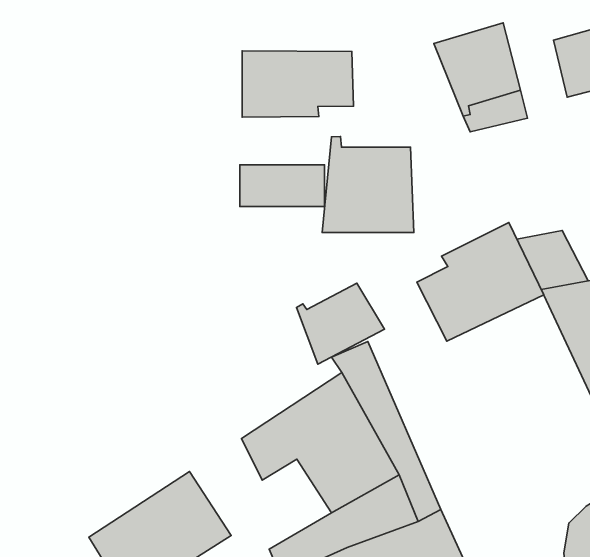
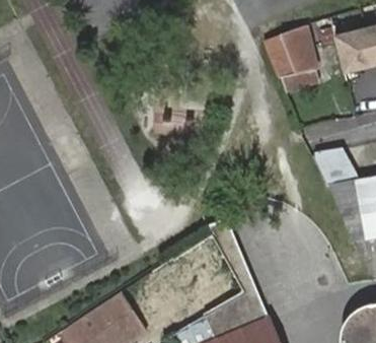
building: [242,51,353,117] -> none
building: [322,136,414,233] -> none
building: [417,223,544,341] -> none
building: [297,283,385,364] -> none

